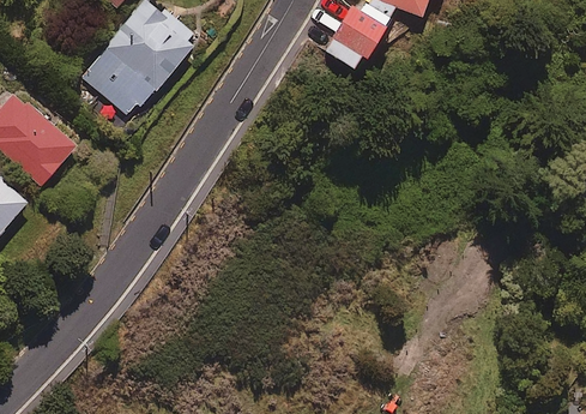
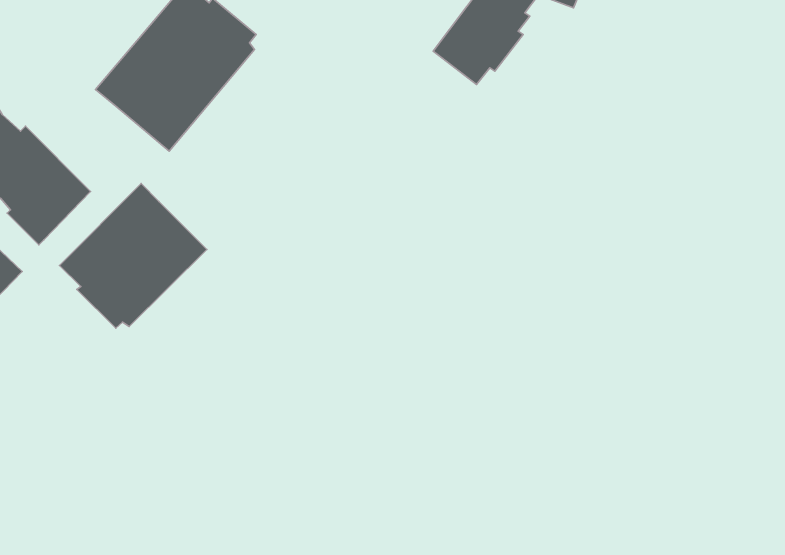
building: none -> [60,184,207,328]

